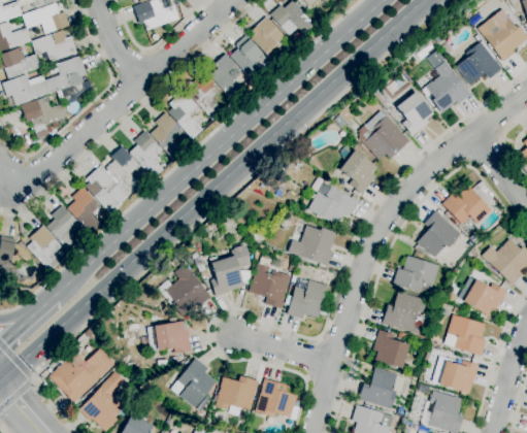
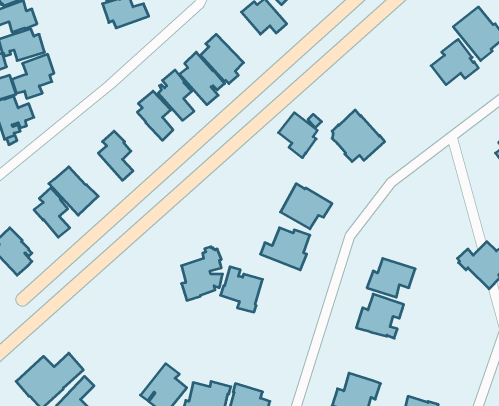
building: [251,15,286,64] -> none
building: [422,61,471,112] -> none
building: [396,91,434,135] -> none
building: [151,111,186,160] -> none
building: [106,146,139,192] -> none
building: [339,149,377,194] -> [278,113,317,158]
building: [442,186,492,225] -> none
building: [47,204,81,253] -> none
building: [418,210,462,257] -> none
building: [157,264,212,315] -> none
building: [288,277,328,319] -> none
building: [463,278,507,314] -> none
building: [444,313,487,356] -> none
building: [155,321,192,353] -> none
building: [373,329,409,368] -> none
building: [436,356,480,393] -> none

